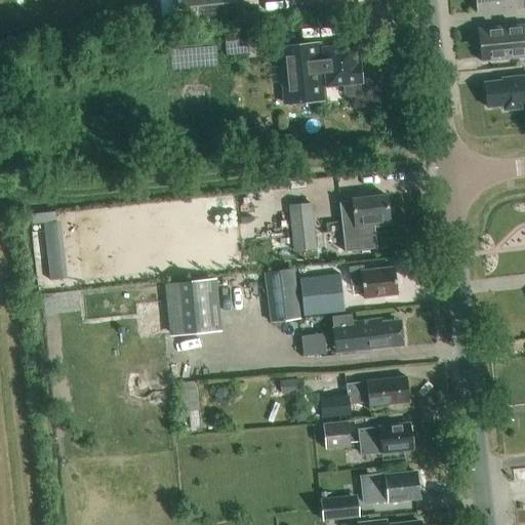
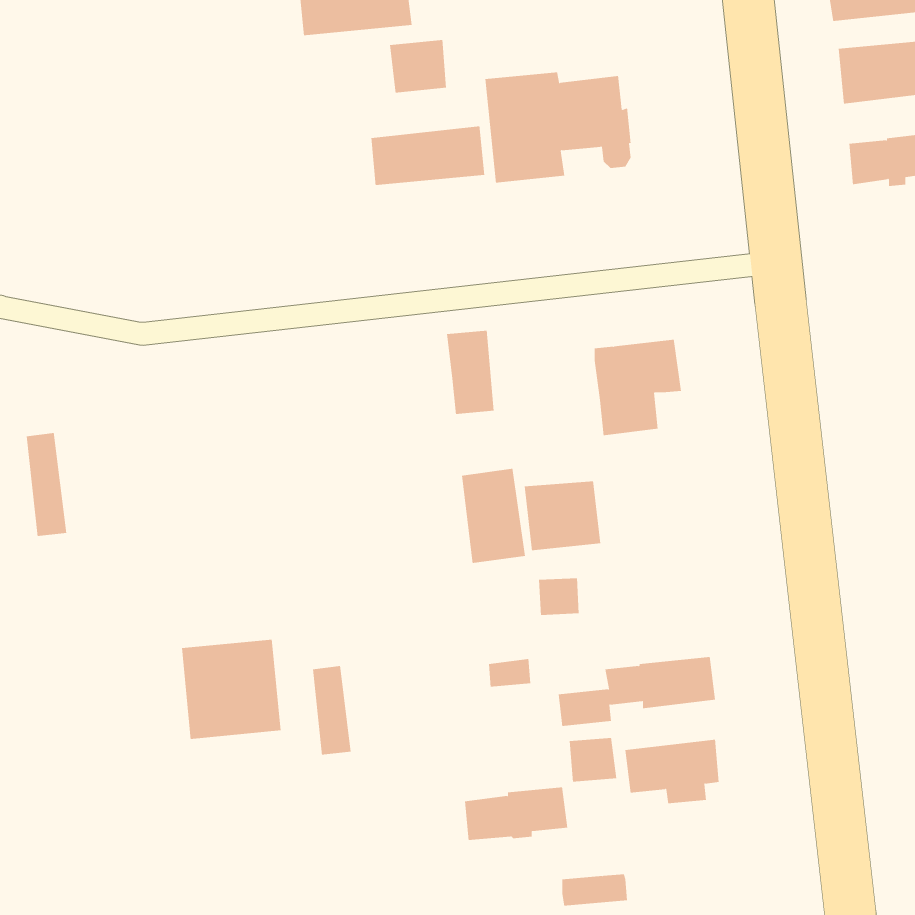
building: none -> [371,126,485,186]
building: [289,202,317,250] -> [446,330,495,415]
building: [44,219,68,279] -> [26,433,67,537]
building: [350,265,398,296] -> none
building: [163,280,220,337] -> [181,639,281,739]
building: [332,313,404,353] -> none
building: [361,472,420,502] -> [464,787,568,841]

